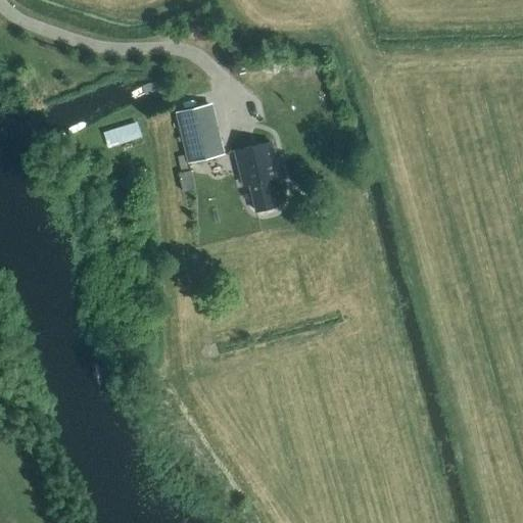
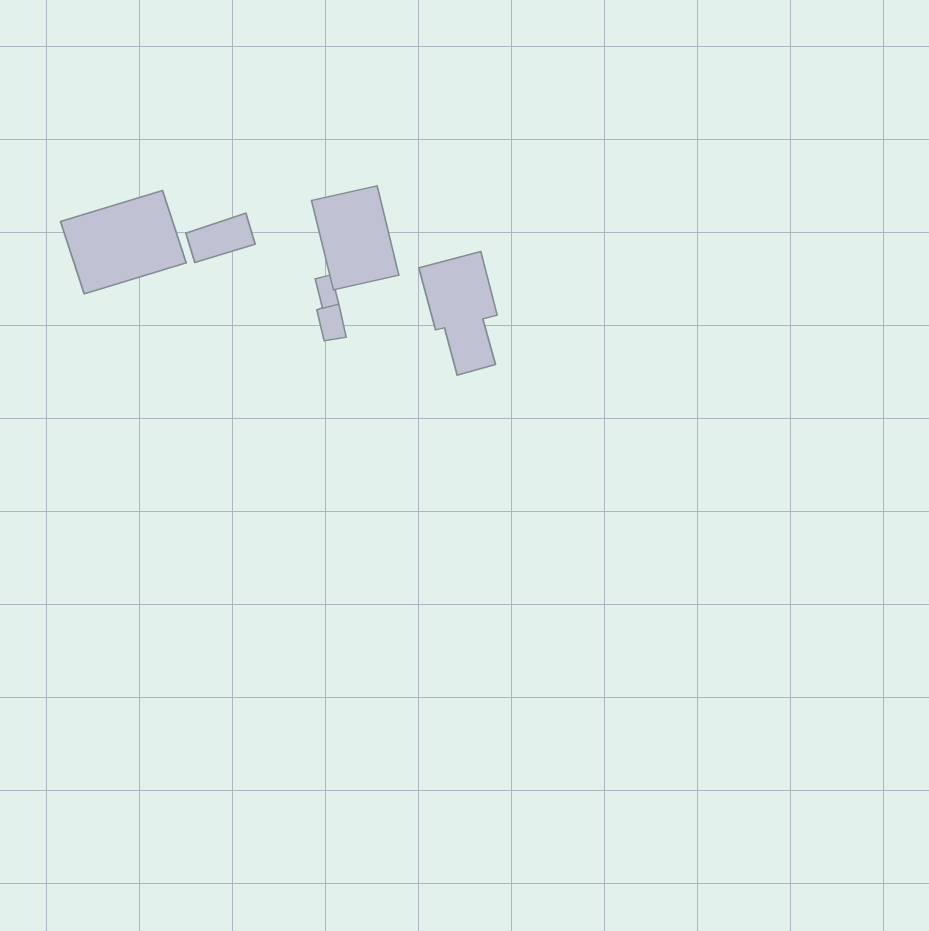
building: none -> [60,191,186,294]

